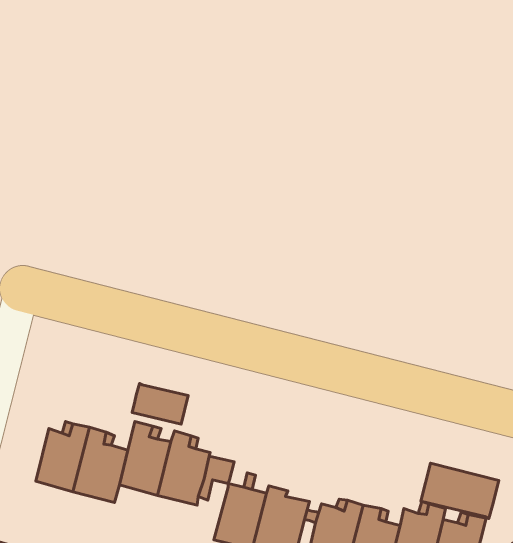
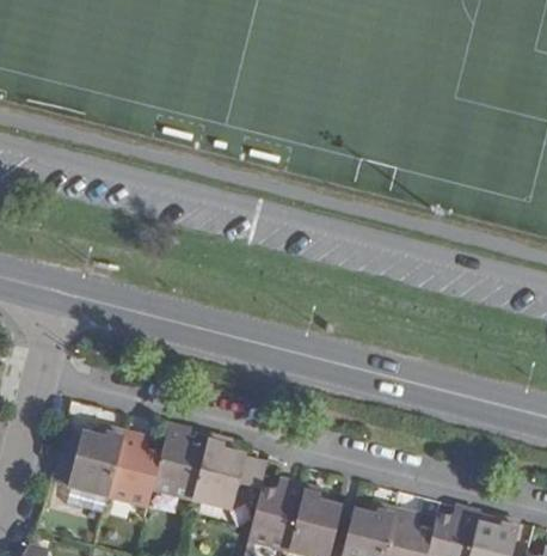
building: [132,383,188,424] -> none
building: [421,463,499,519] -> none

